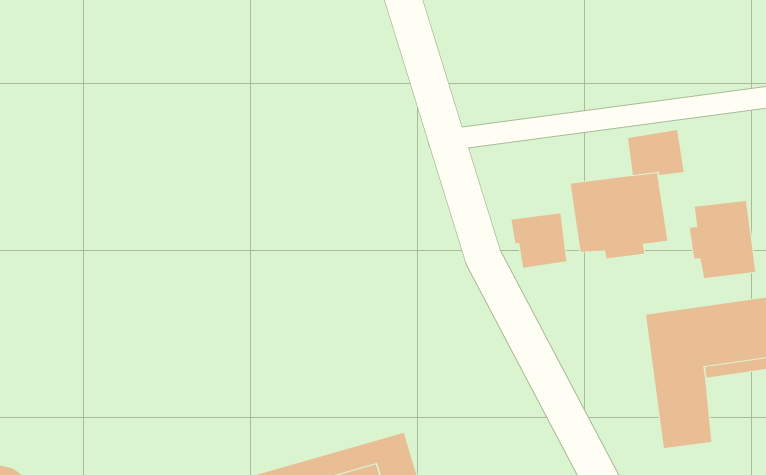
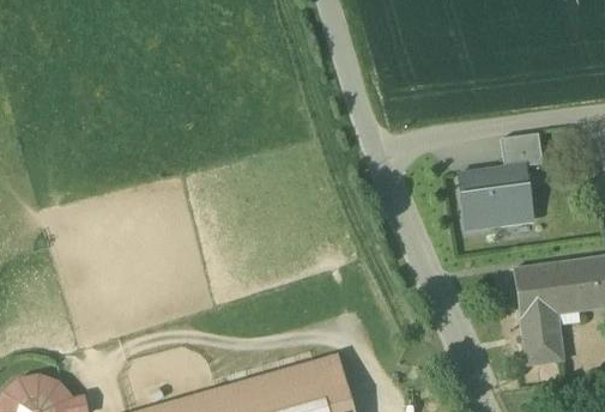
building: [689,200,756,279] -> none
building: [511,213,567,269] -> none

